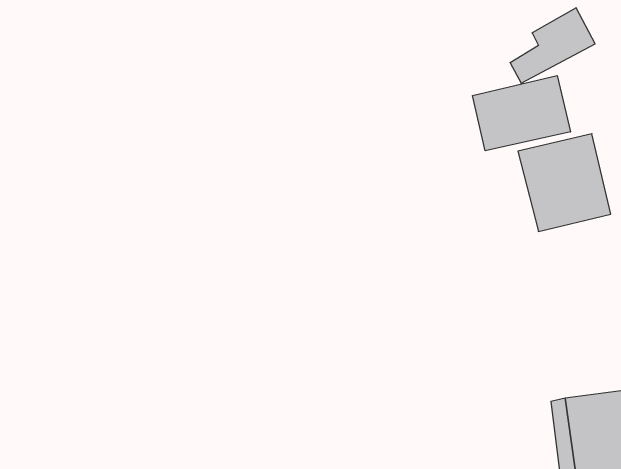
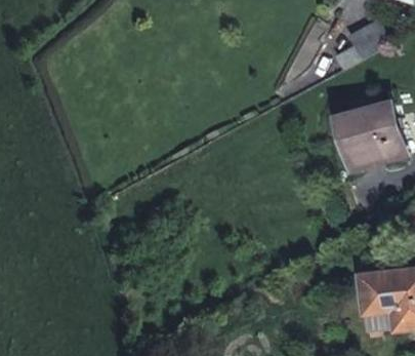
building: [473,76,570,151] -> none

